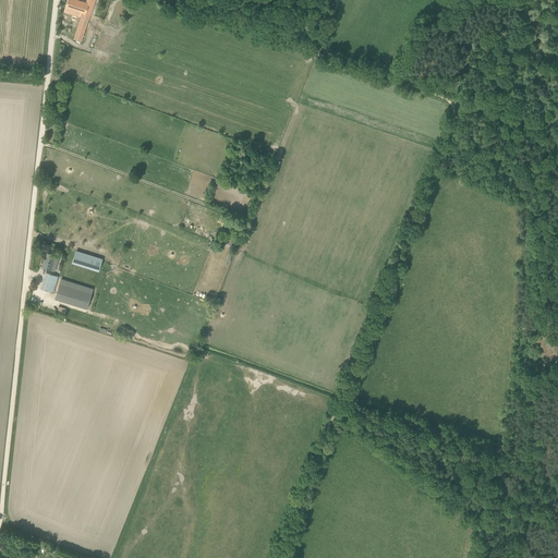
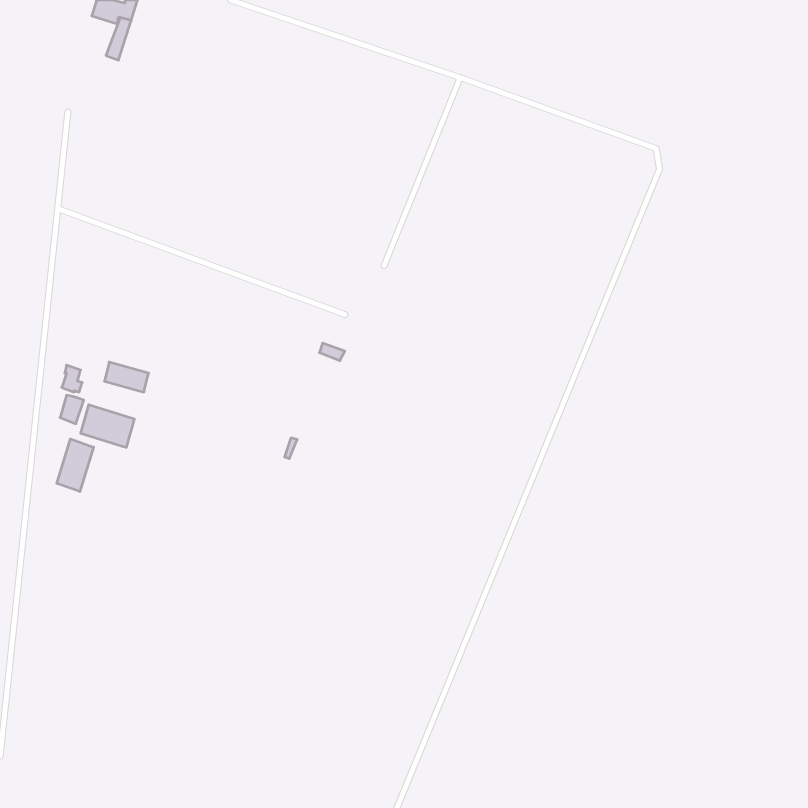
building: none -> [57,439,94,492]

